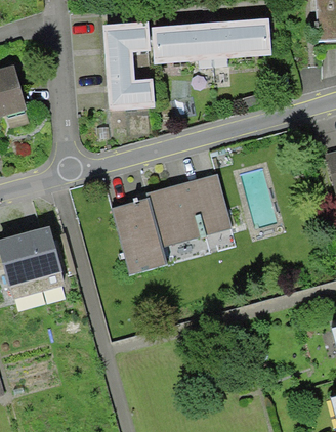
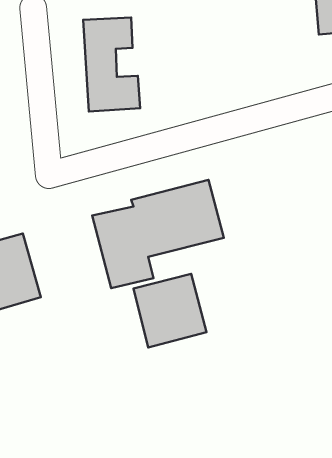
building: [154,21,274,67] -> none
building: none -> [134,274,207,347]

